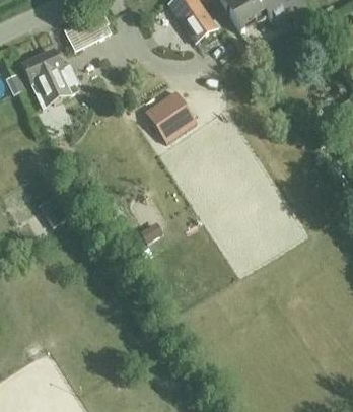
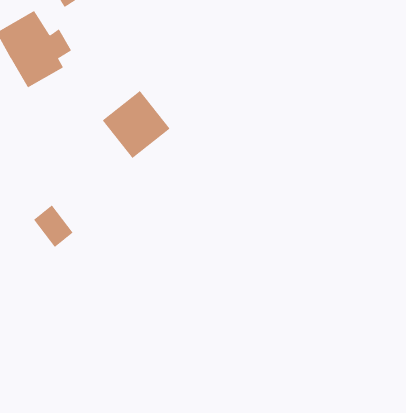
building: [146,91,197,142] -> [102,90,171,159]

